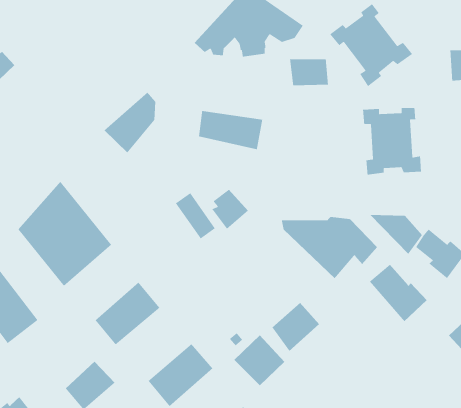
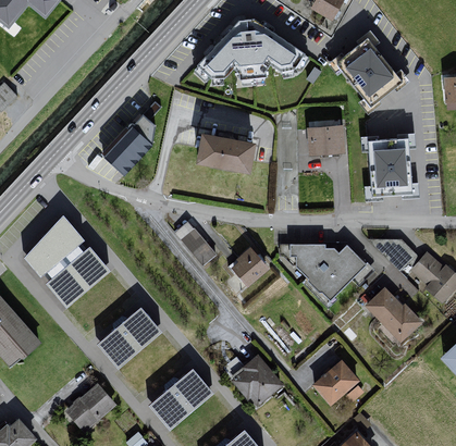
building: [289,59,329,86] -> [306,127,345,154]
building: [211,189,249,230] -> [233,248,270,288]
building: [271,302,320,352] -> [313,360,361,409]

